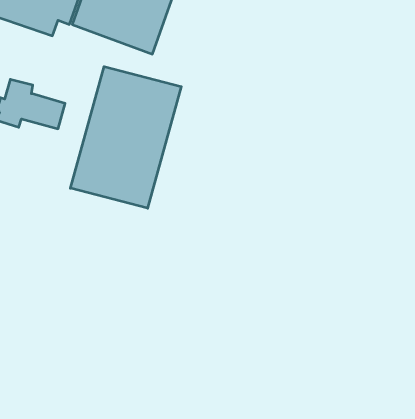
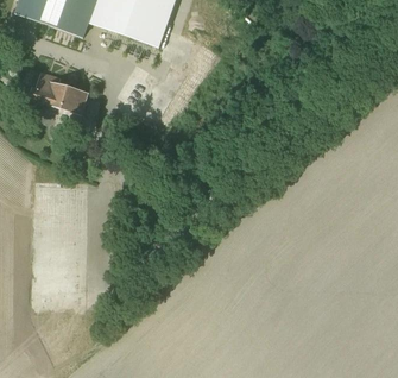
building: [70,67,181,208] -> none

